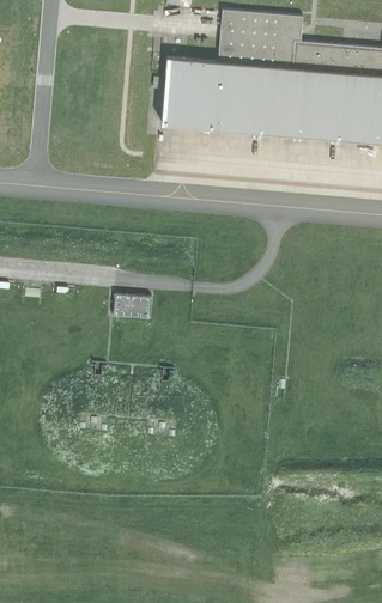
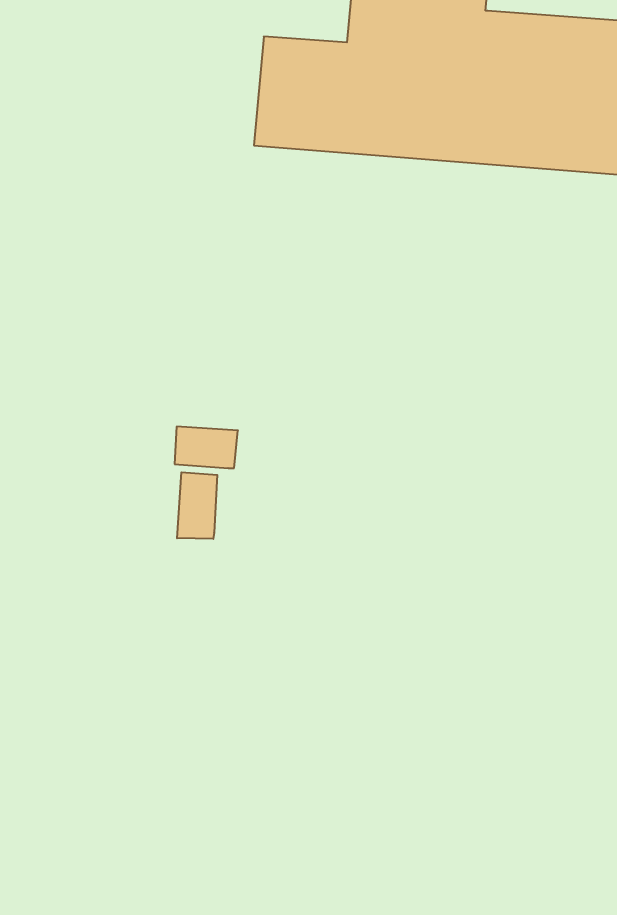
building: none -> [177,472,217,539]

